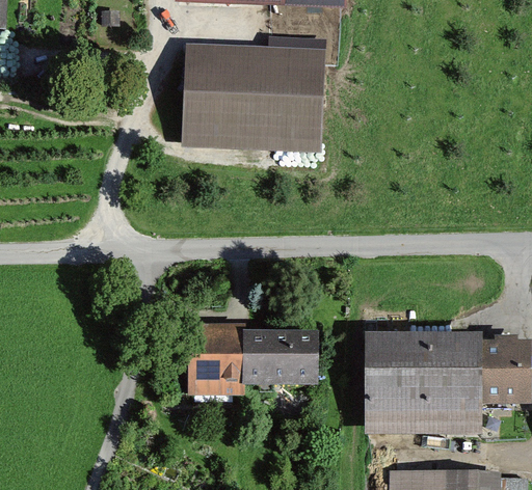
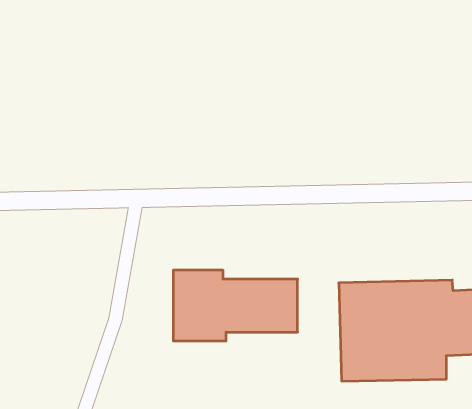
building: [181,44,326,147] -> none

